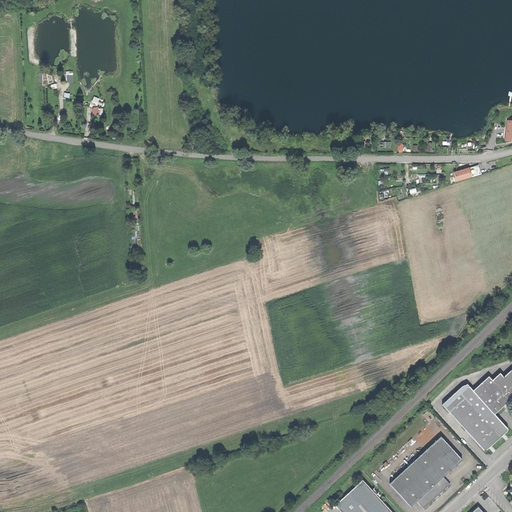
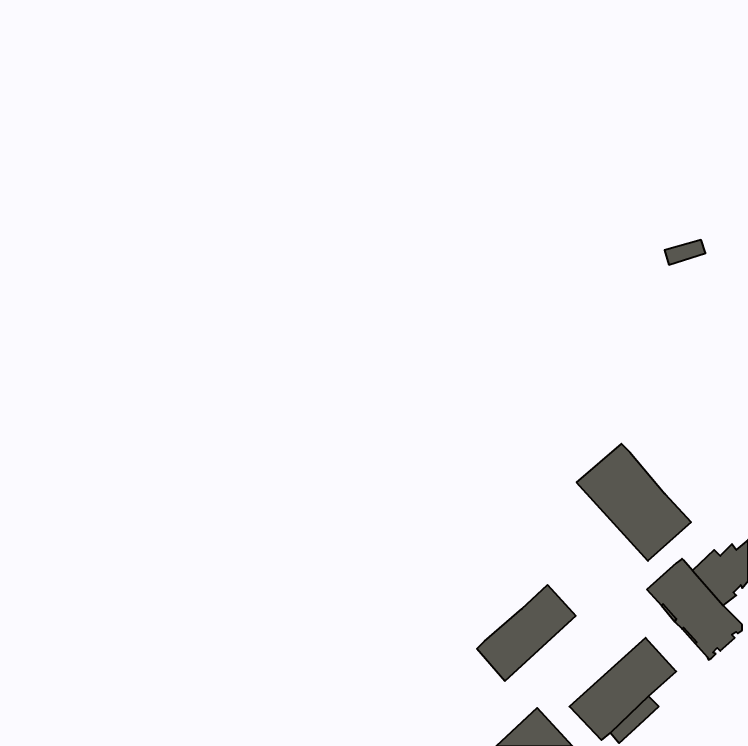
building: none -> [577,444,691,561]
building: none -> [477,585,576,681]

